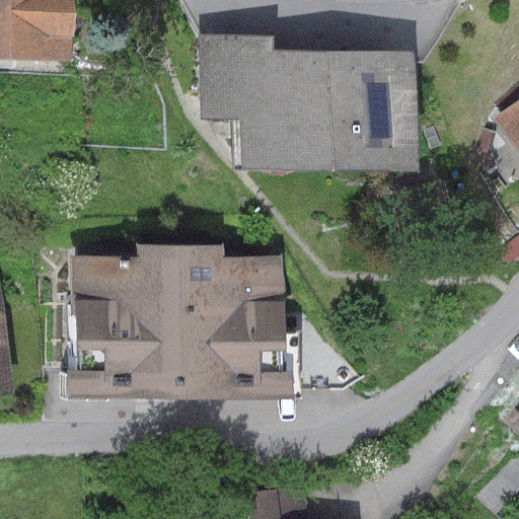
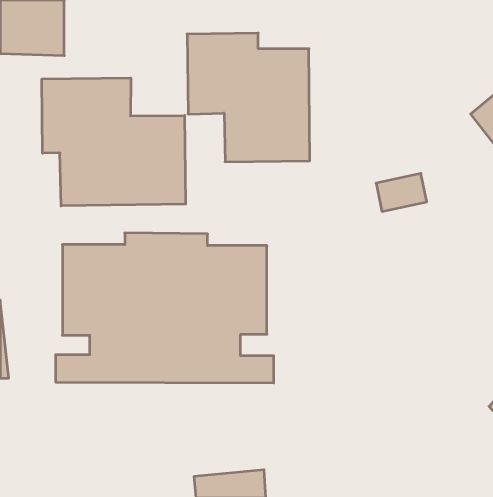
building: [326,51,414,168] -> none
building: none -> [42,78,186,206]

